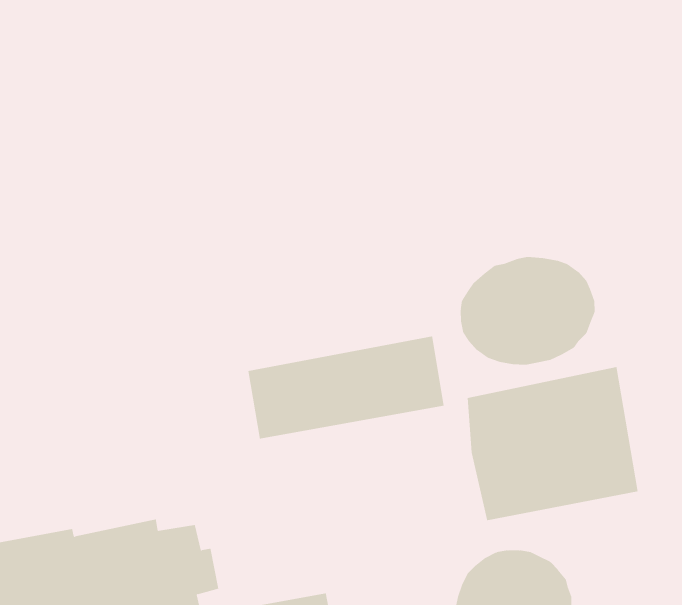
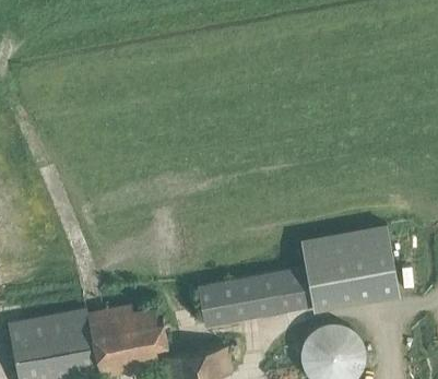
building: [460,256,595,365] -> none
building: [247,336,445,439] -> [197,269,307,327]

